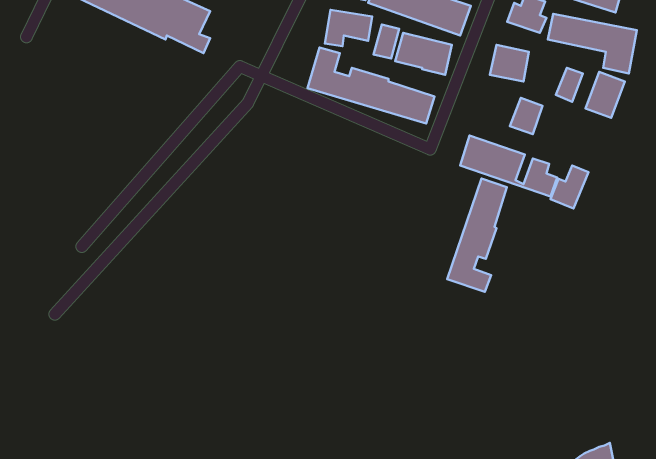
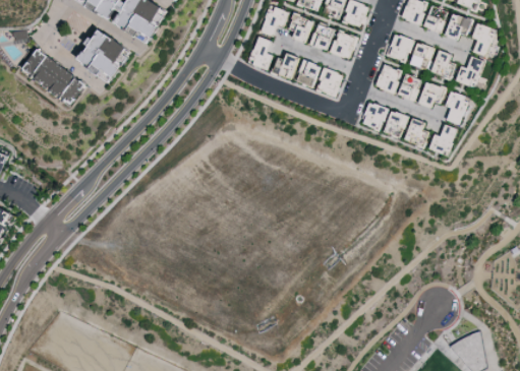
building: none -> [73,34,135,80]
building: none -> [412,43,435,71]
building: none -> [26,51,89,104]
building: none -> [372,65,402,94]
building: none -> [420,83,469,126]
building: [447,179,507,292] -> none

